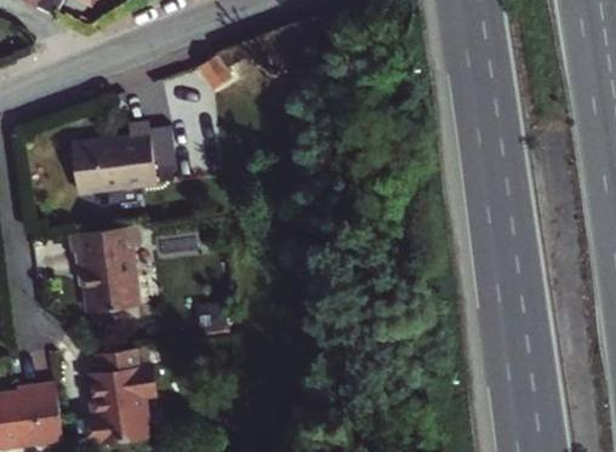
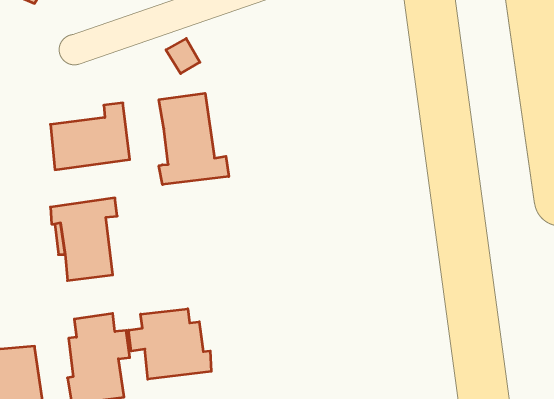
building: none -> [159,93,229,185]
building: none -> [129,309,211,379]

